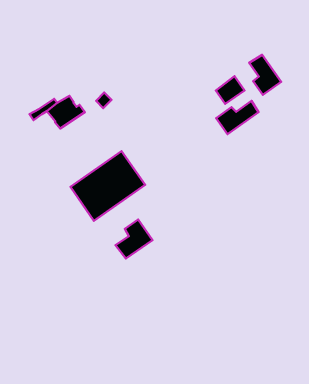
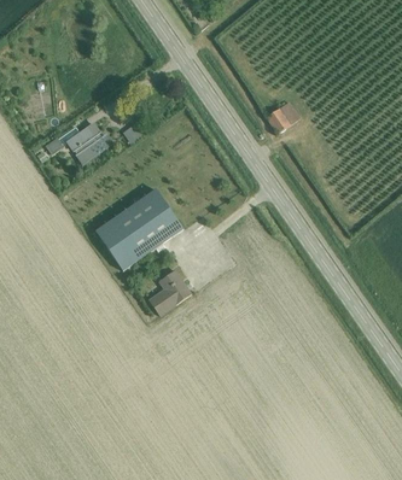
building: [249,55,281,95] -> none
building: [216,101,259,134] -> none

